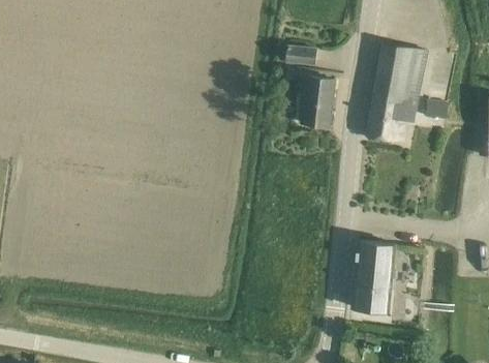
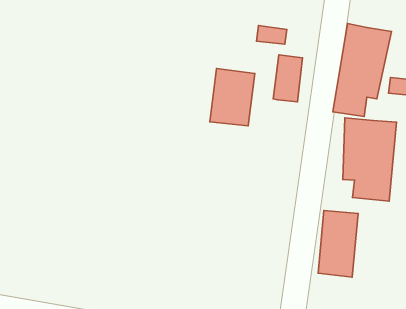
building: none -> [210,69,255,126]
building: none -> [343,118,396,201]

